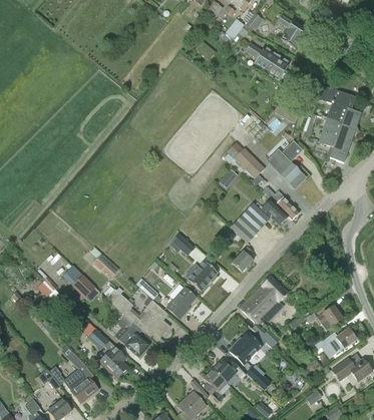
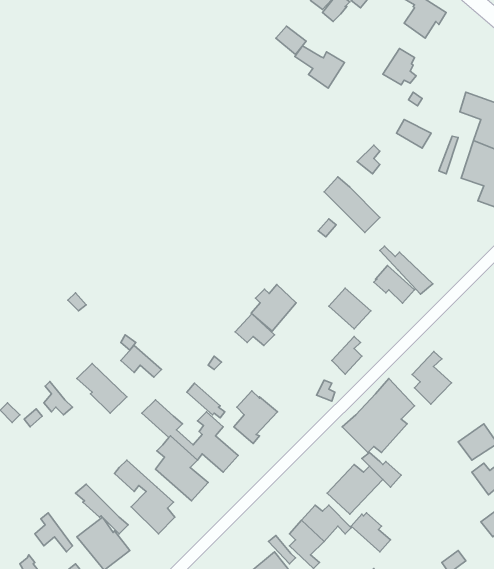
building: [244,44,277,72] -> [295,46,345,88]
building: [267,139,303,186] -> none
building: [241,202,268,230] -> none
building: none -> [412,352,452,404]
building: [186,260,217,291] -> [251,285,296,331]

